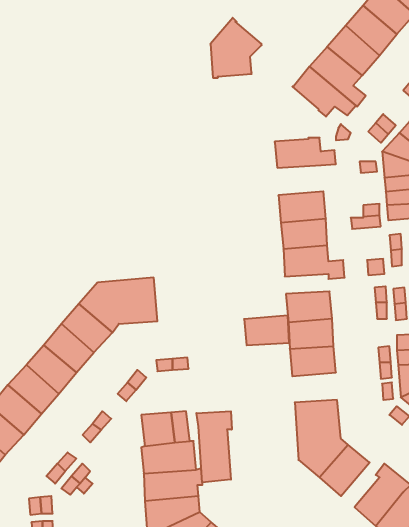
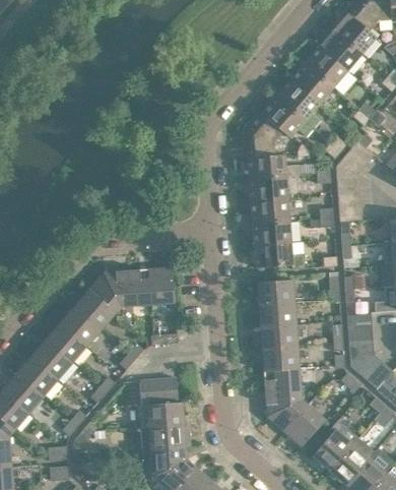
building: [210,18,262,78] -> [242,110,283,159]
building: none -> [250,177,287,201]
building: none -> [149,267,175,304]
building: [244,315,289,345] -> [262,346,299,370]
building: [196,411,232,483] -> none

